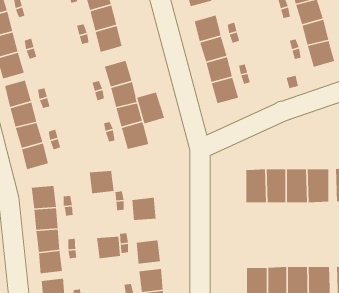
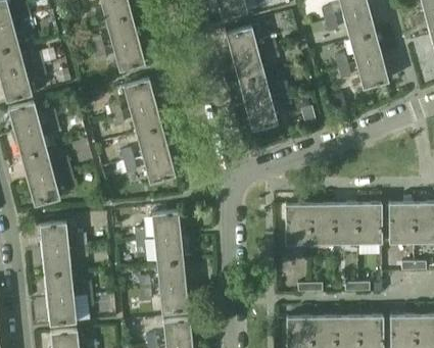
building: [136,91,165,124] -> none
building: [89,170,115,194] -> [152,212,182,240]
building: [96,236,121,259] -> [157,262,186,289]

